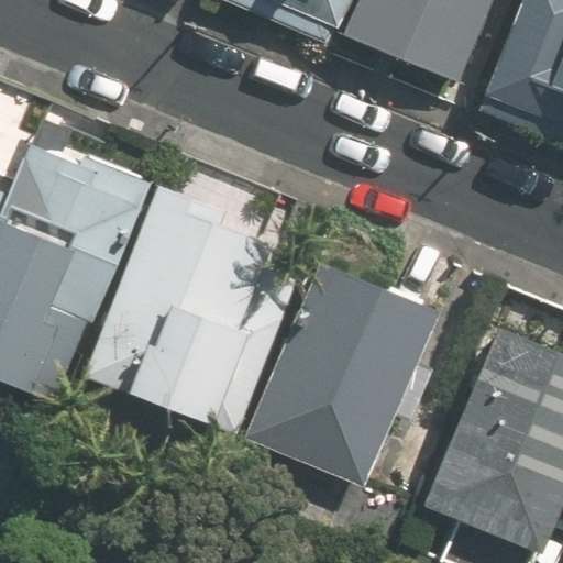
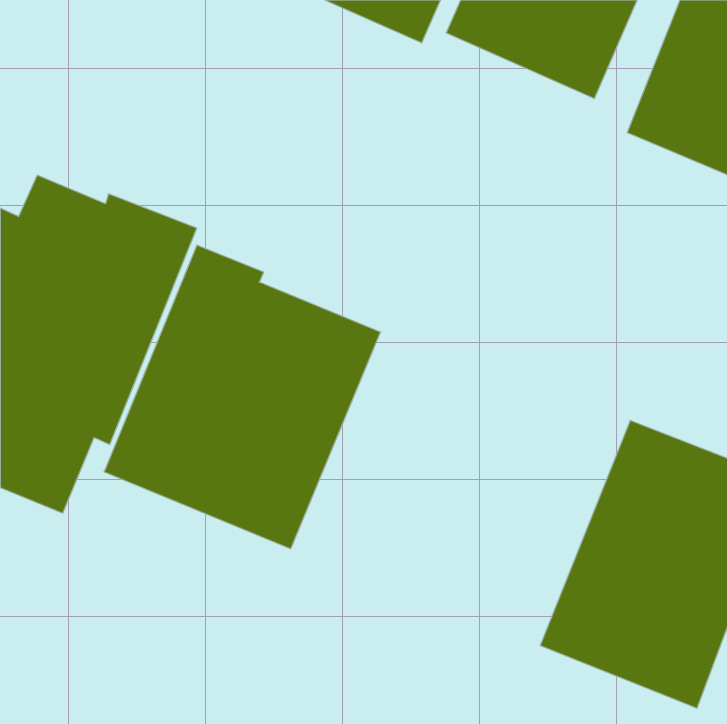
building: [246,271,434,488] -> none

